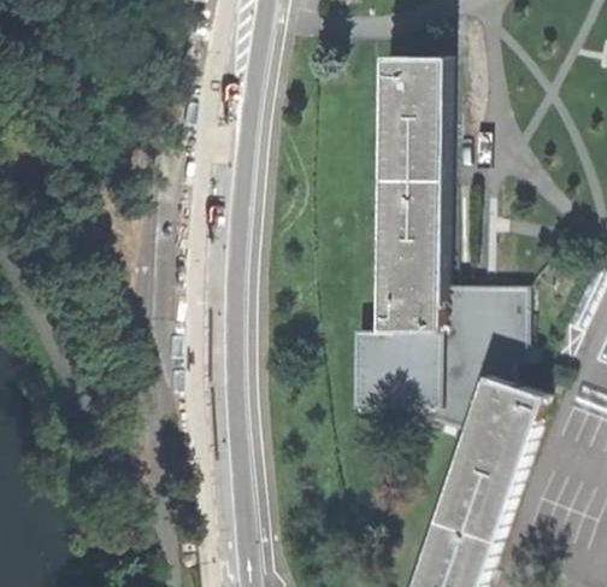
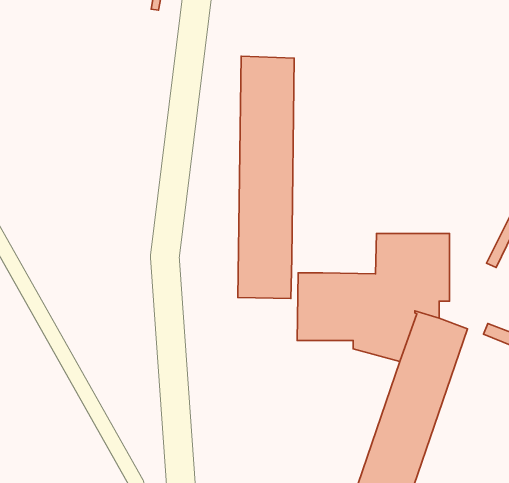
building: [376,55,440,331] -> [238,56,294,298]

